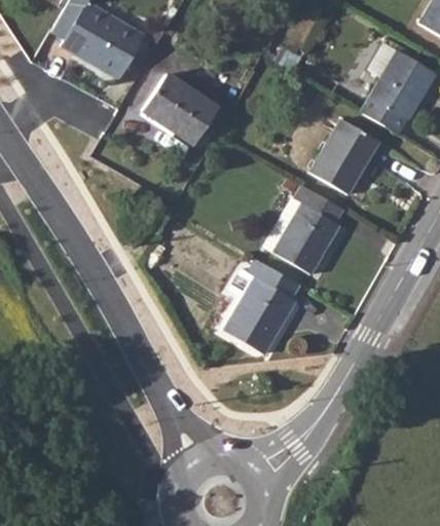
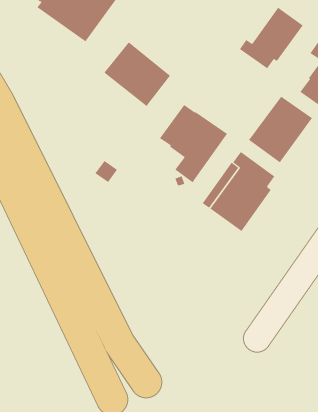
building: none -> [239,7,304,69]
building: none -> [159,104,228,183]
building: [224,259,300,353] -> none

